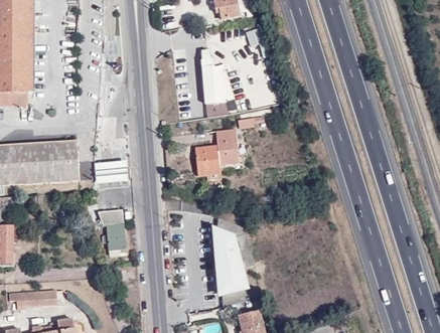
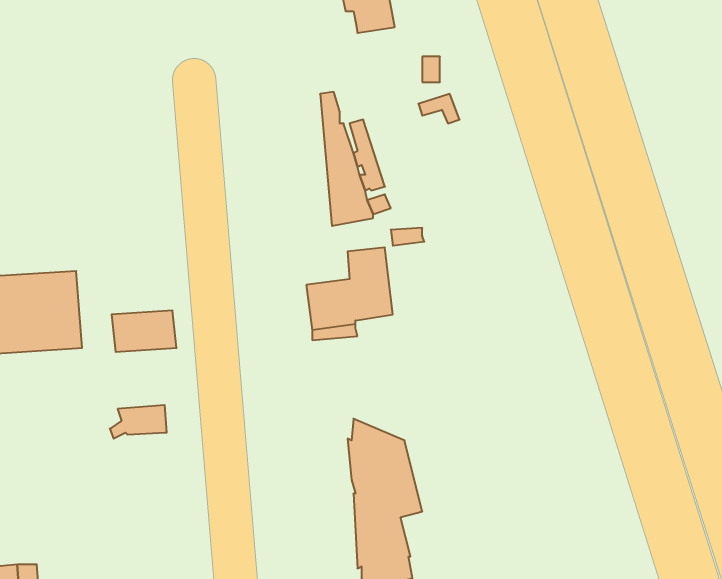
building: [103,223,125,256] -> none

